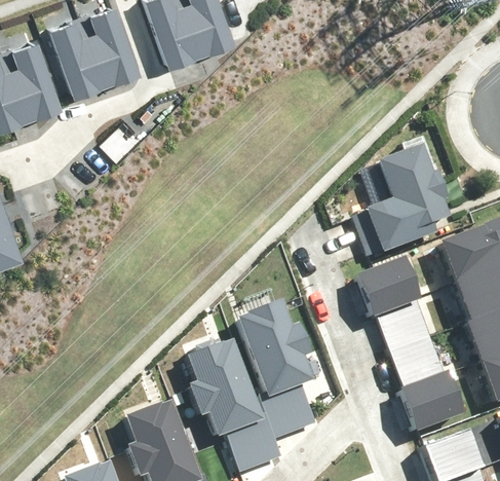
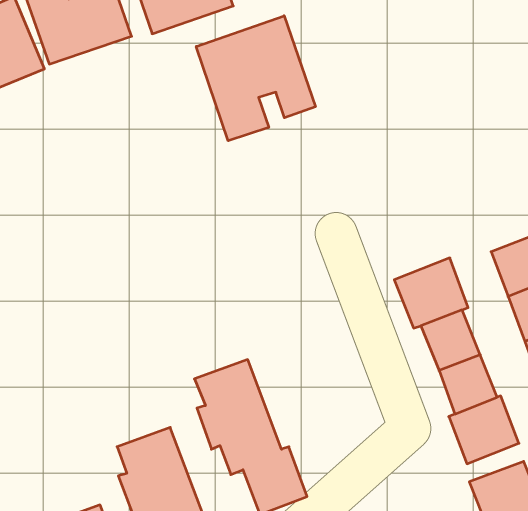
building: none -> [196,16,315,141]
building: [368,146,451,252] -> none
building: [238,299,317,436] -> none

